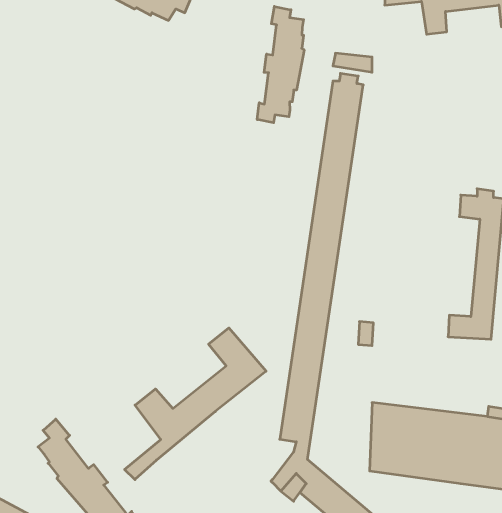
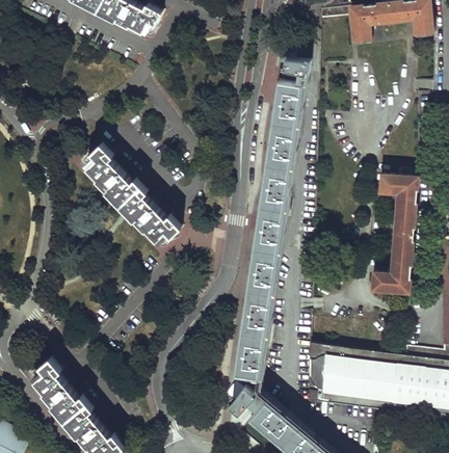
building: [257,6,304,123] -> none
building: none -> [85,144,180,240]
building: [125,328,266,480] -> none

